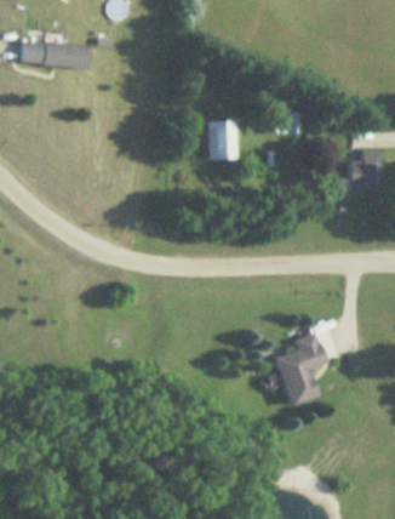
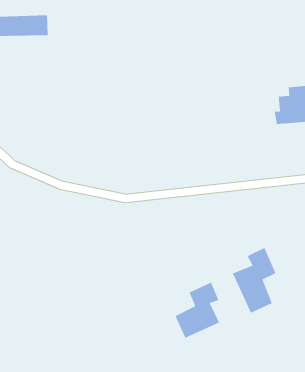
building: [205,120,237,159] -> none
building: none -> [175,281,220,339]

